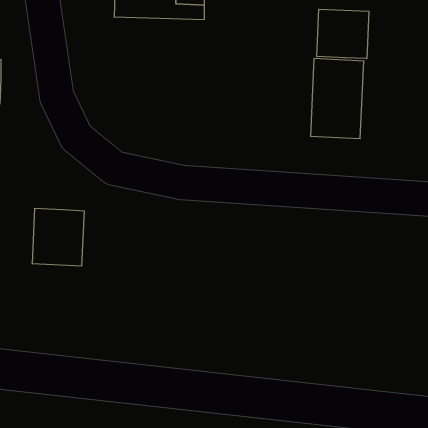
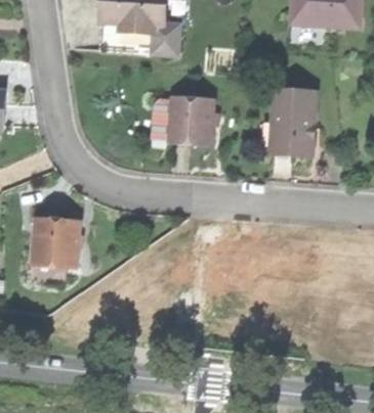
building: [317,9,369,59] -> none
building: none -> [168,96,213,146]

